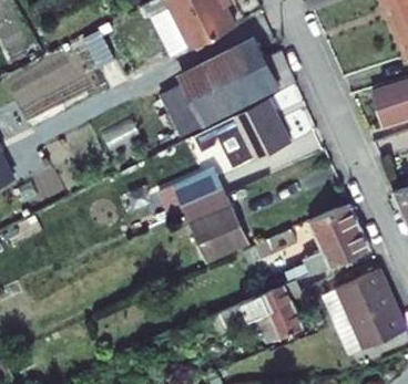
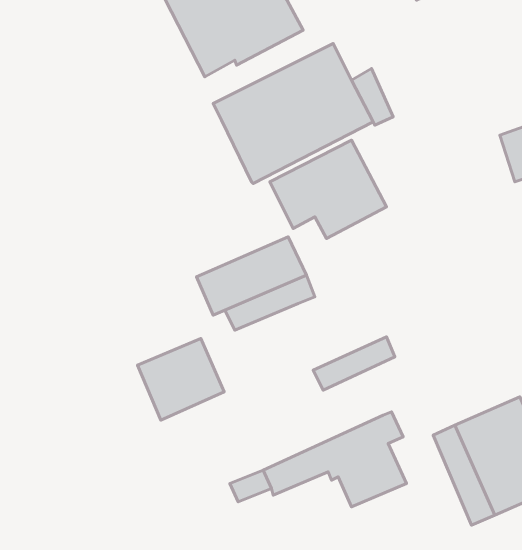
building: [162,85,202,136] -> none
building: [285,203,370,281] -> none
building: [191,207,248,261] -> [138,339,224,420]

